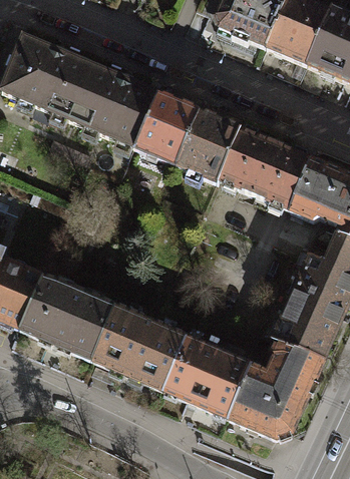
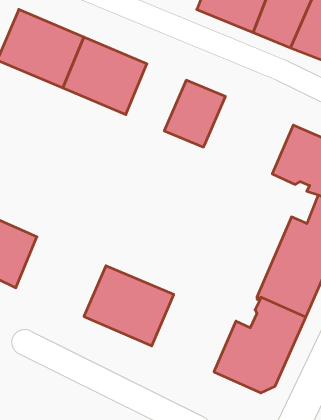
building: [133,92,197,162] -> none
building: [216,124,309,207] -> none
building: [18,274,112,357] -> none
building: [160,334,249,415] -> none

